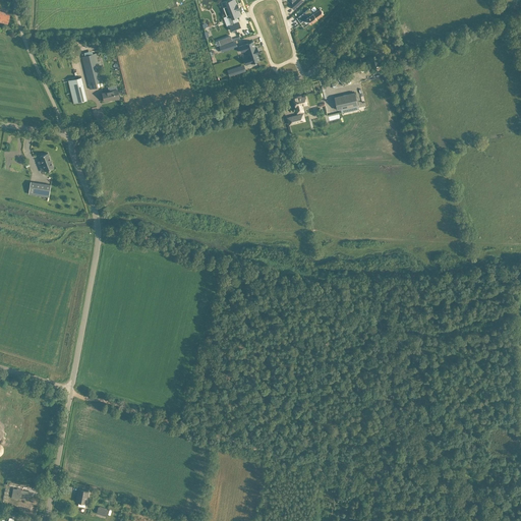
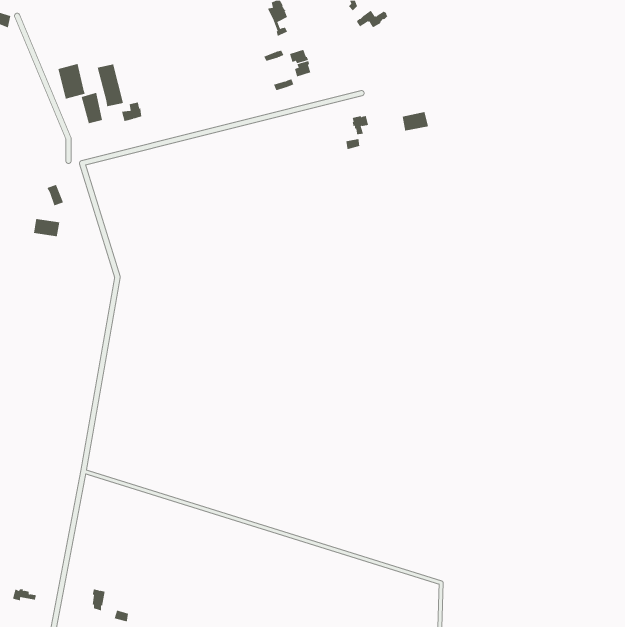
building: none -> [58,63,86,100]

